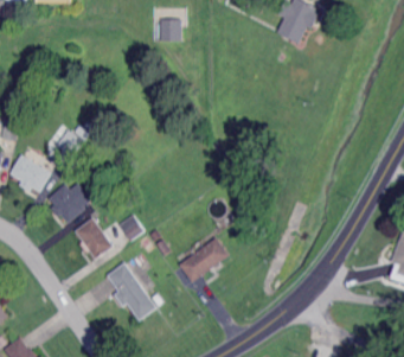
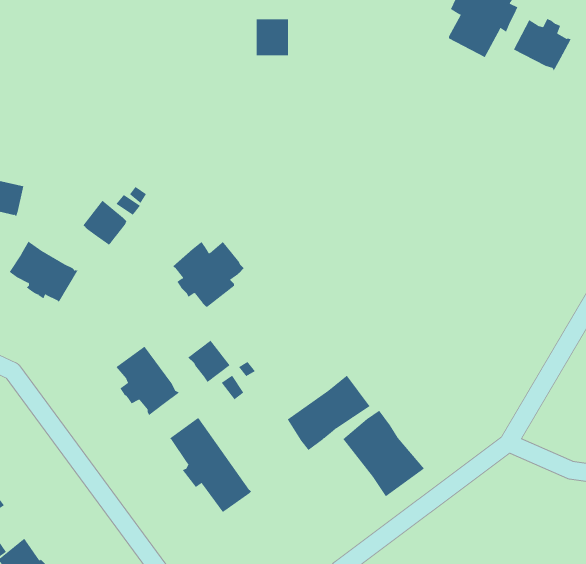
building: none -> [513,18,571,72]
building: [50,184,94,224] -> [173,241,245,307]
building: none -> [342,410,425,497]

